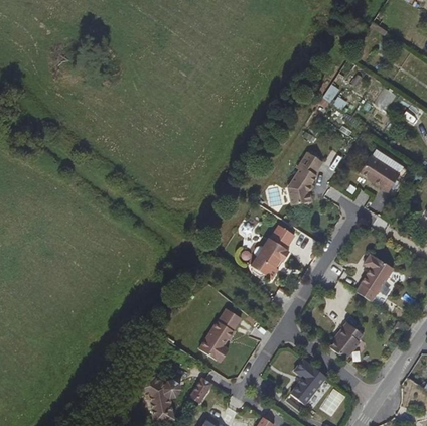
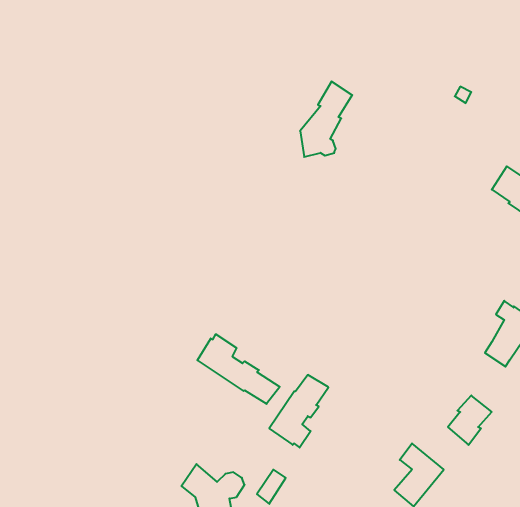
building: [286,151,324,206] -> [300,81,352,157]
building: [251,224,295,279] -> none
building: none -> [197,334,280,404]

